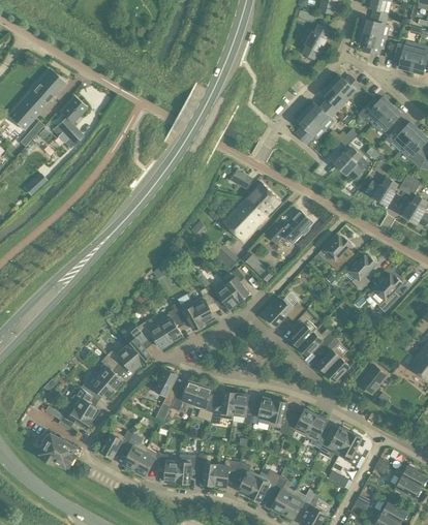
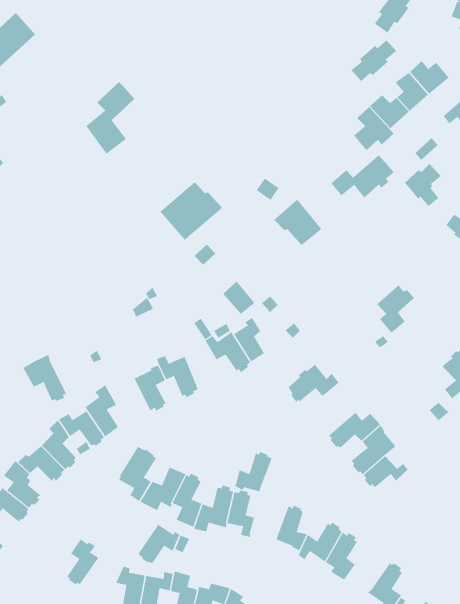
building: none -> [350,39,397,82]
building: [53,96,86,149] -> [86,81,135,154]
building: [222,198,267,241] -> [160,182,223,240]
building: [267,211,311,243] -> [331,155,395,198]
building: [349,255,376,290] -> none
building: [192,291,215,323] -> none
building: [289,311,316,347] -> none
building: [137,315,171,348] -> [23,354,67,402]
building: [359,365,387,395] -> none
building: [250,396,275,425] -> [235,451,272,492]
building: [318,427,350,458] -> none
building: [100,430,132,459] -> none
building: [133,447,162,476] -> [137,524,180,564]

